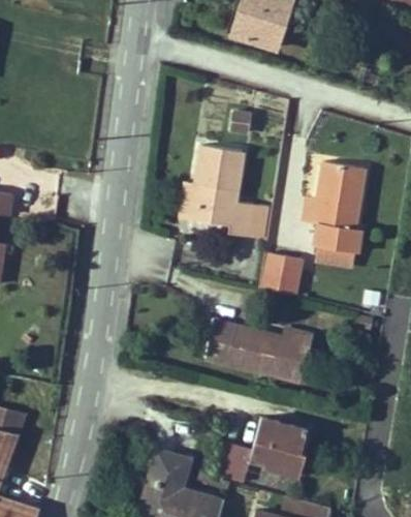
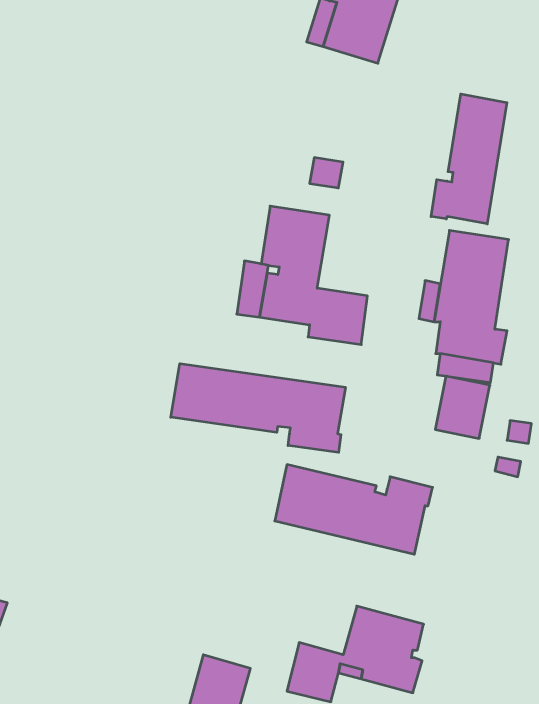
building: none -> [431,94,507,224]
building: none -> [171,364,345,452]
building: [264,253,302,296] -> [435,376,490,438]

